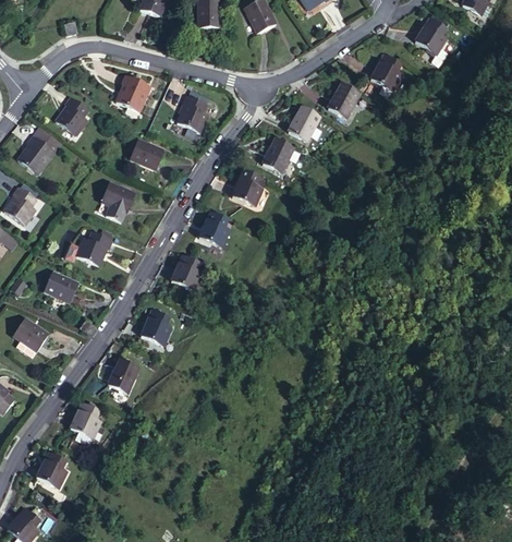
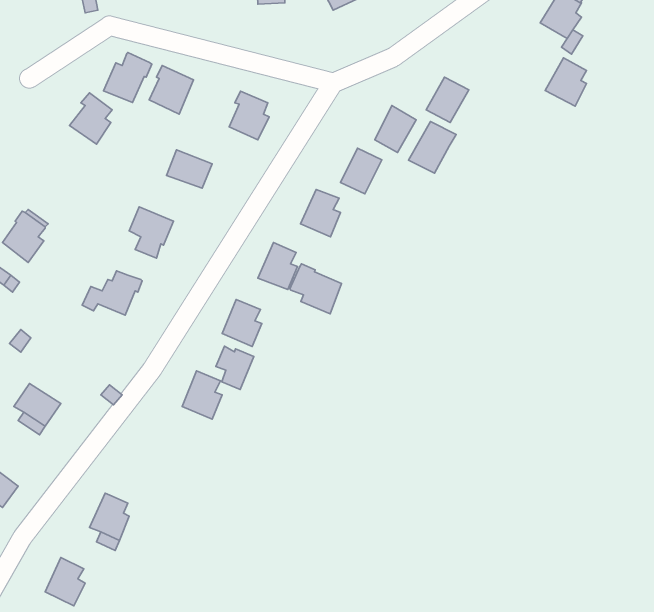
building: [370,52,402,89] -> [545,58,586,106]
building: none -> [103,53,152,102]
building: none -> [409,121,456,173]
building: [17,125,62,173] -> none
building: none -> [290,264,342,314]
building: [44,270,78,301] -> none
building: none -> [216,346,254,389]
building: [109,358,139,392] -> none

